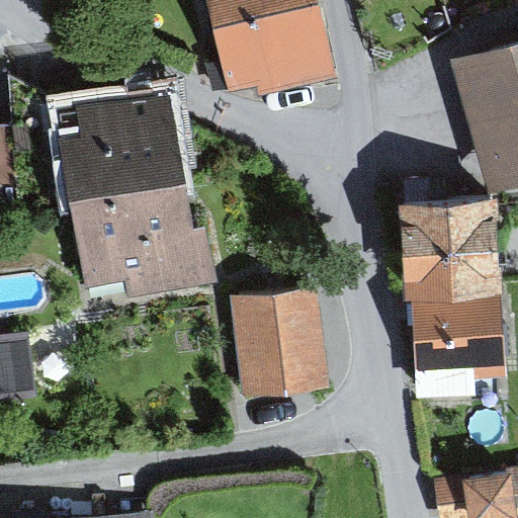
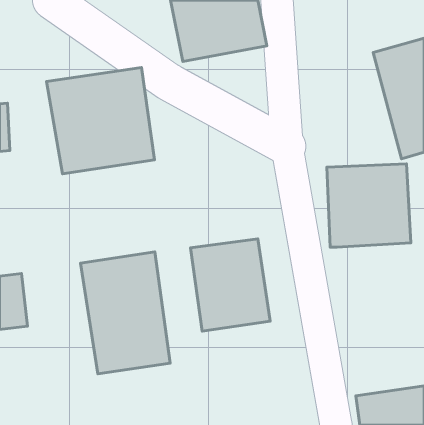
building: [76,194,218,297] -> none
building: [410,295,504,402] -> none
building: none -> [81,252,170,374]

